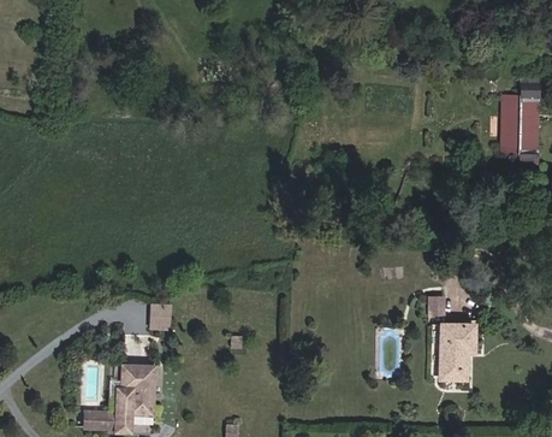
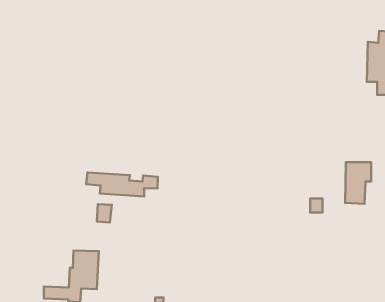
building: none -> [86,172,158,196]
building: [440,325,474,379] -> [345,162,371,204]

